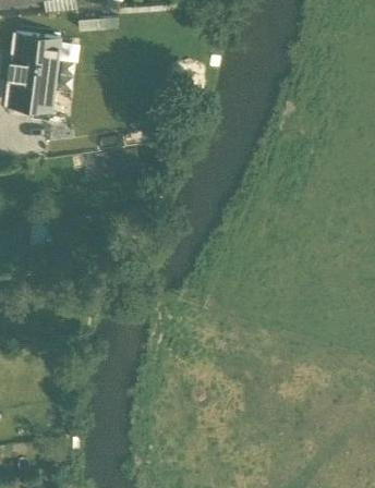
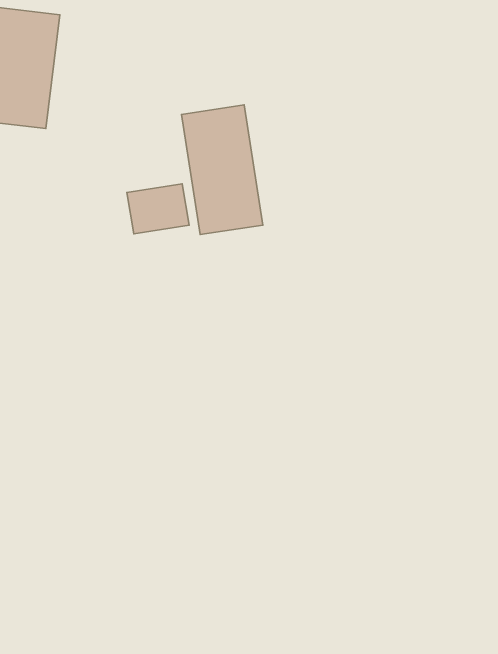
building: none -> [181,105,263,235]

